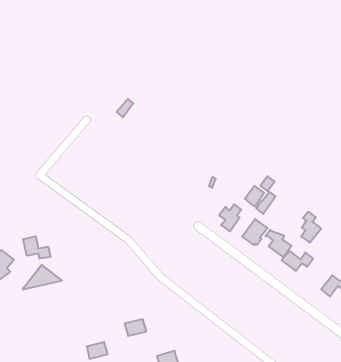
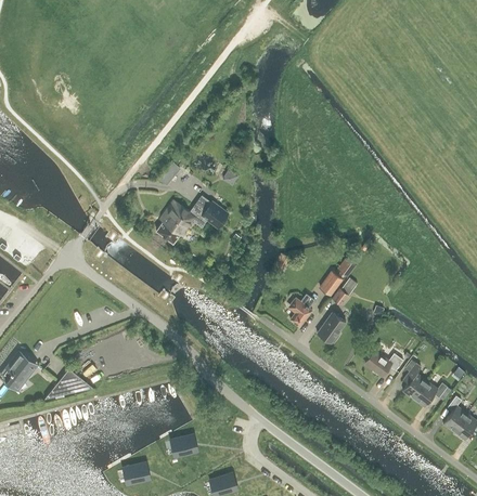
building: none -> [156,199,228,243]
building: [301,212,321,243] -> [402,360,427,397]
building: [266,230,291,257] -> none
building: [23,236,50,259] -> none

